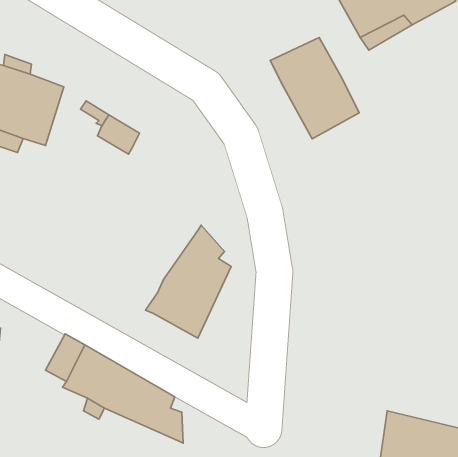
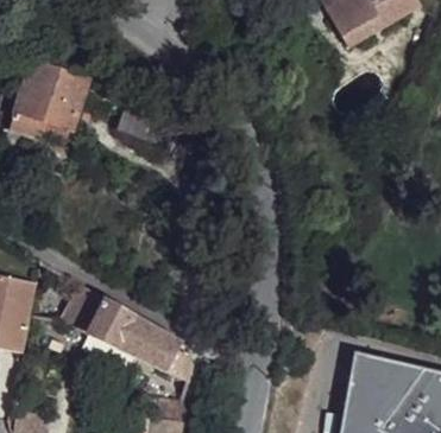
building: [270,38,359,139] -> none
building: [145,225,231,338] -> none

